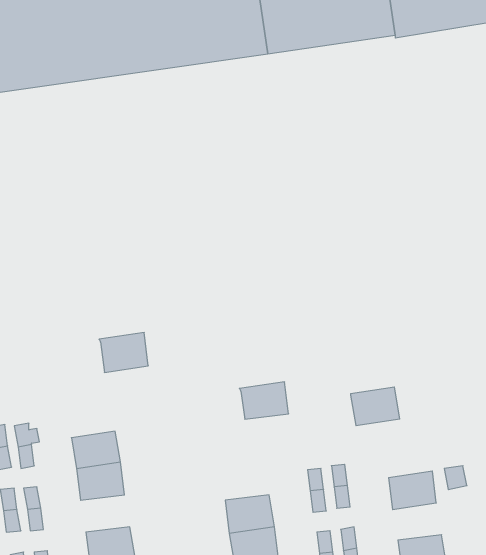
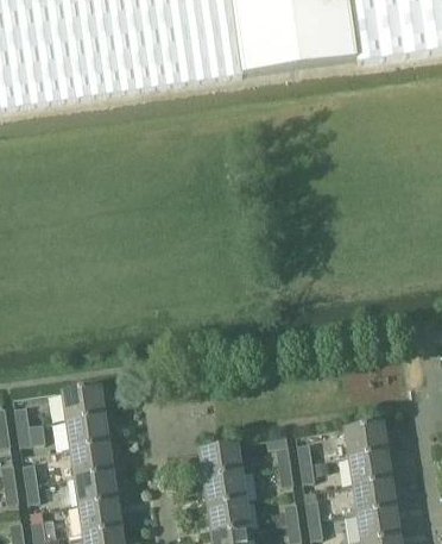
building: [99,333,148,372] -> [59,384,103,420]
building: [239,382,289,419] -> [197,443,241,476]
building: [351,387,400,426] -> [343,421,387,456]
building: none -> [72,471,116,505]
building: none -> [352,479,396,512]

